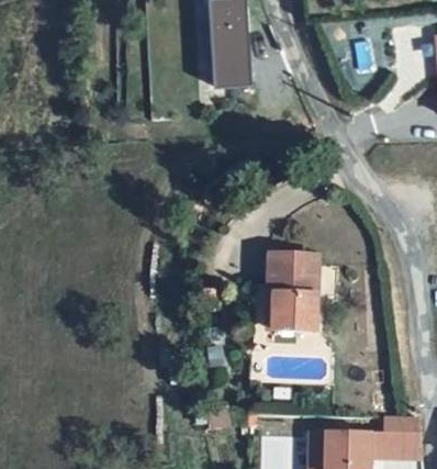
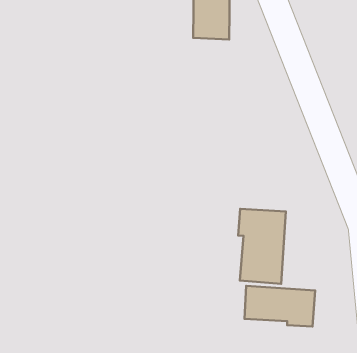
building: none -> [245,286,315,327]

